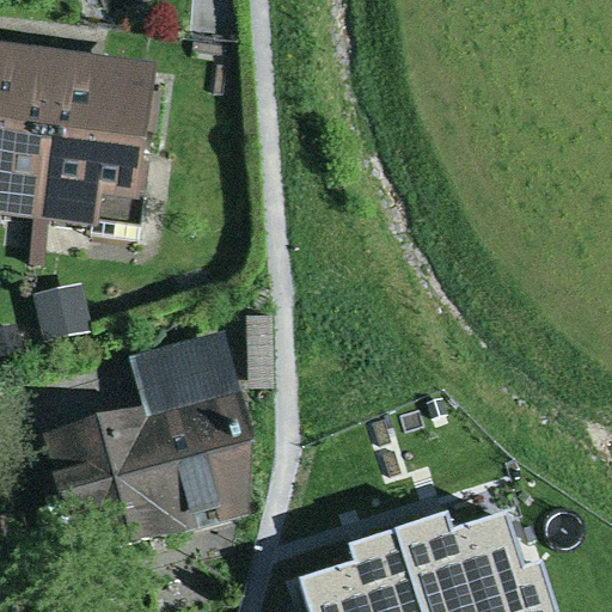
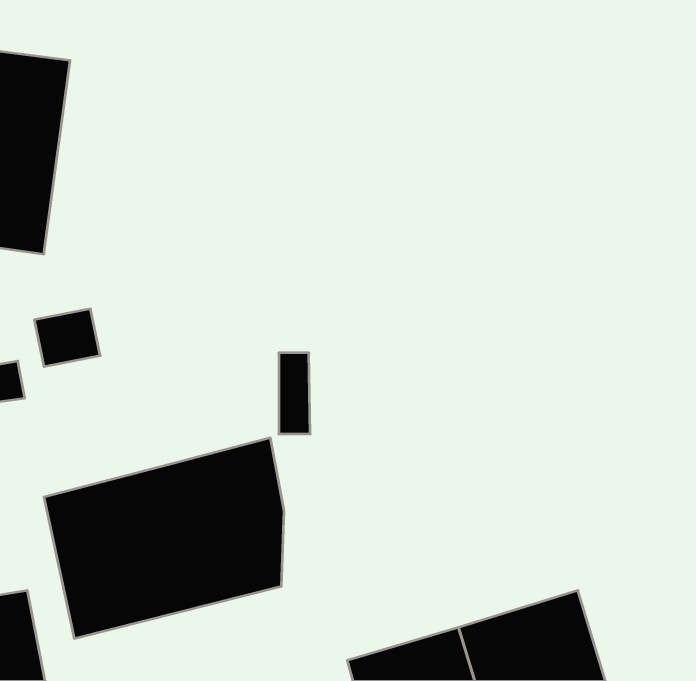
building: [38,53,154,228] -> none
building: [124,324,235,406] -> none

